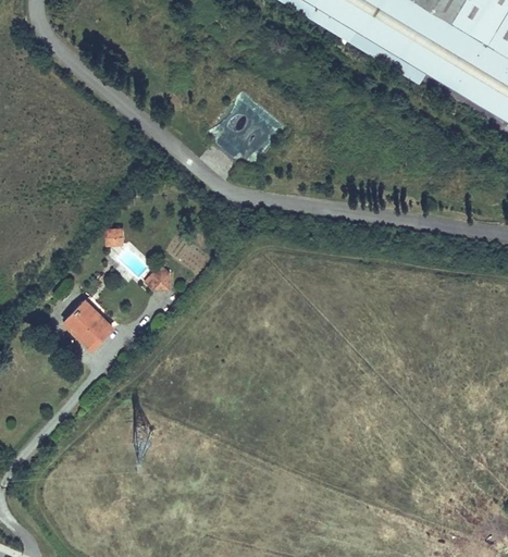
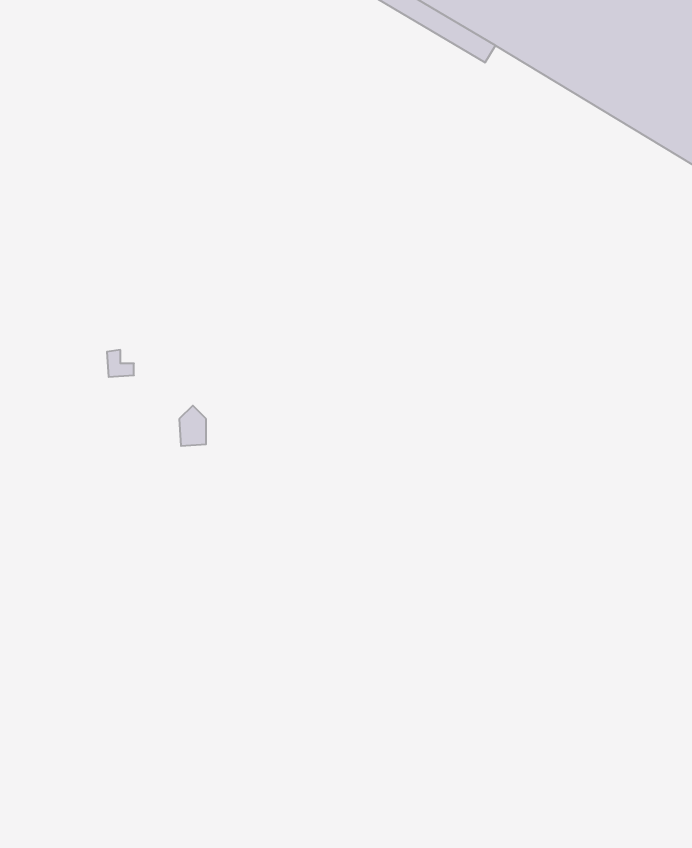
building: [66,300,112,346] -> none

